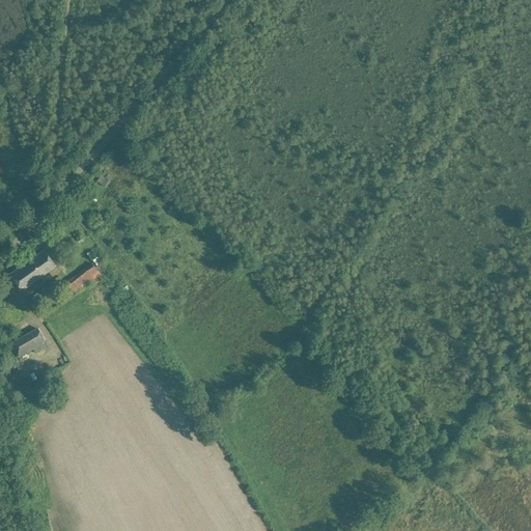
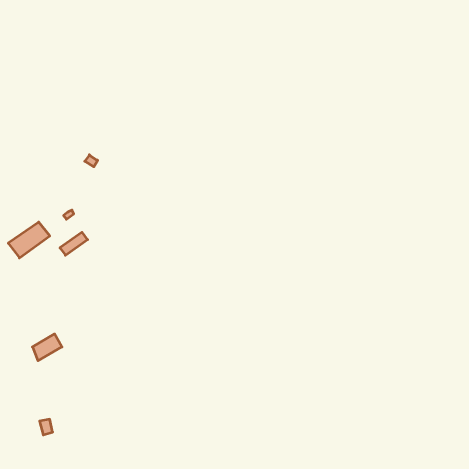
building: [13,330,47,360] -> [32,334,62,361]

